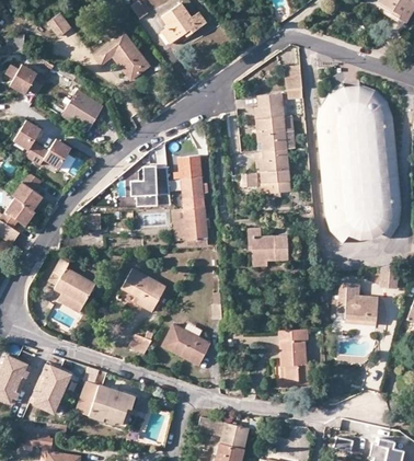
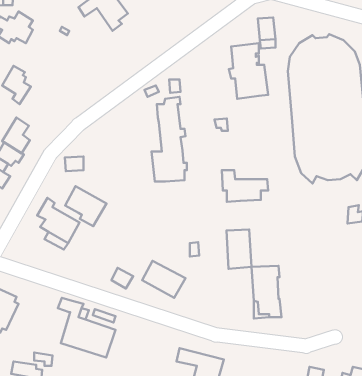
building: [62,92,101,131] -> none
building: [31,138,70,166] -> none
building: [254,150,289,197] -> none
building: [129,163,168,207] -> none
building: [120,269,164,312] -> [65,186,107,226]
building: [338,281,377,325] -> none
building: none -> [227,230,252,269]
building: [32,366,71,413] -> none

